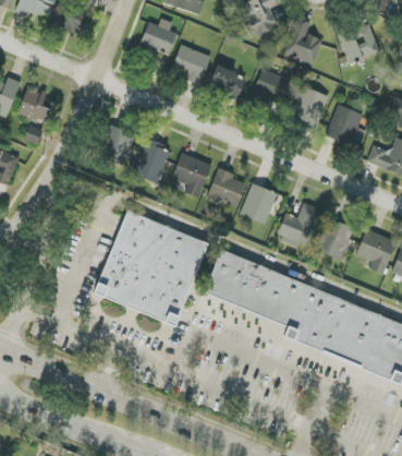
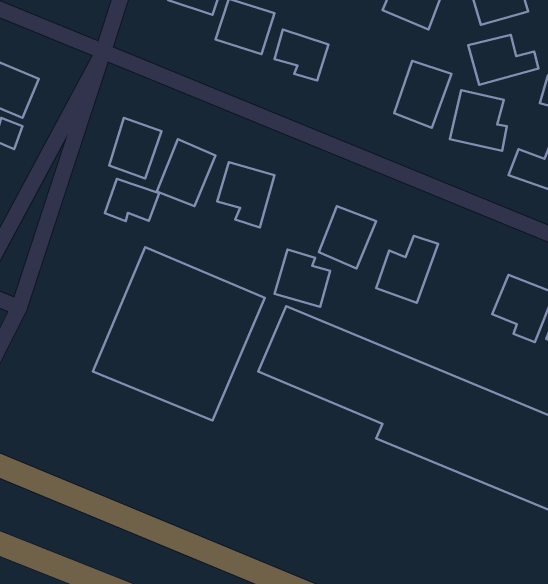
building: [248,68,289,108] -> none
building: none -> [468,35,539,85]
building: none -> [105,179,159,221]
building: [208,167,245,205] -> [274,250,330,307]
building: [316,215,354,259] -> none

